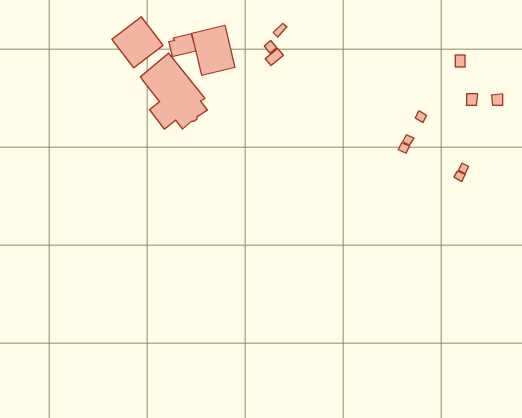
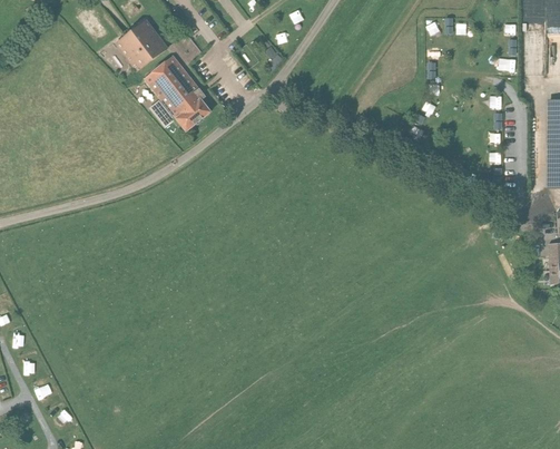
building: [192,25,235,75] -> none

